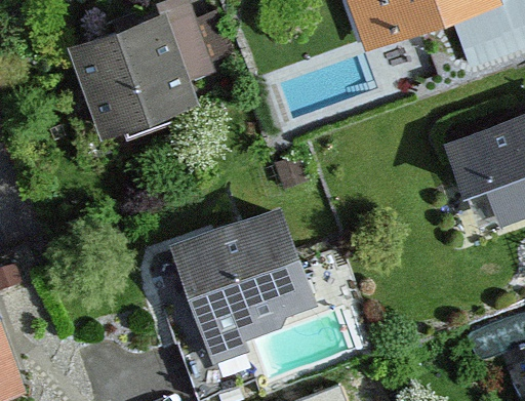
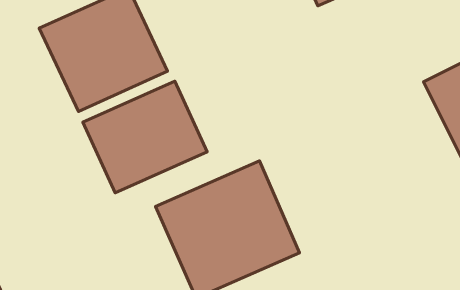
building: none -> [83,81,207,193]

